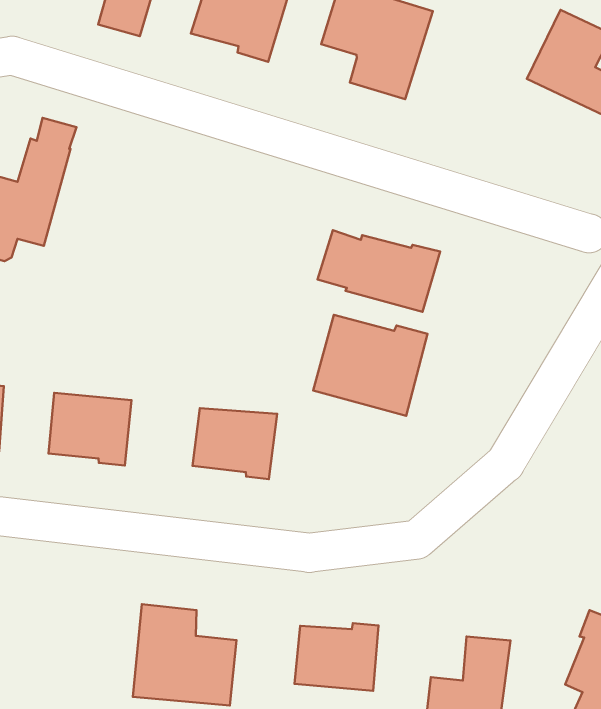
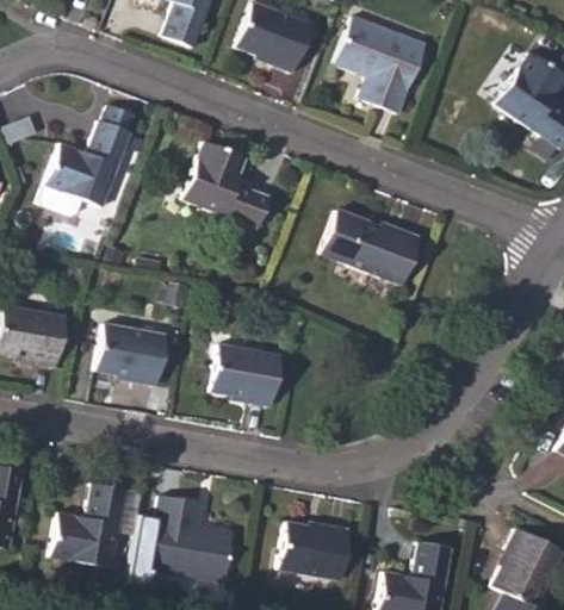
building: none -> [182,142,269,226]
building: [313,315,428,416] -> none
building: none -> [49,483,125,565]

